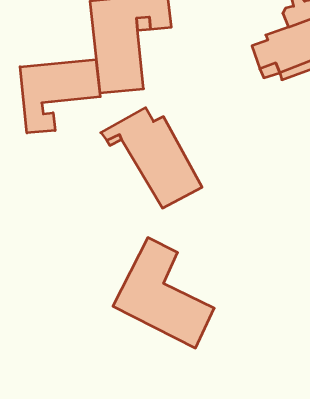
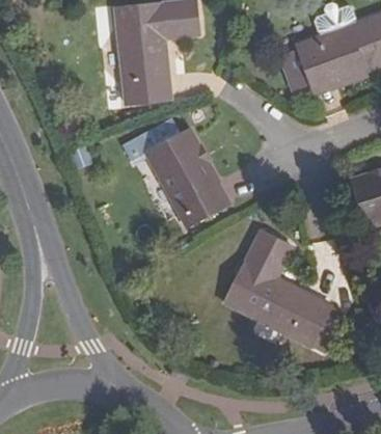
building: [20,59,100,133] -> none
building: [113,238,214,348] -> [224,233,330,348]

